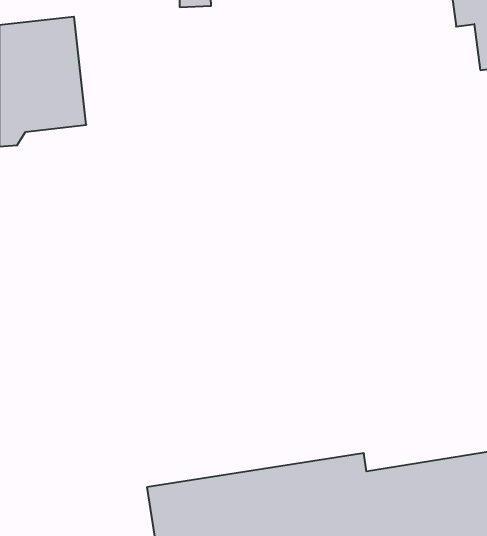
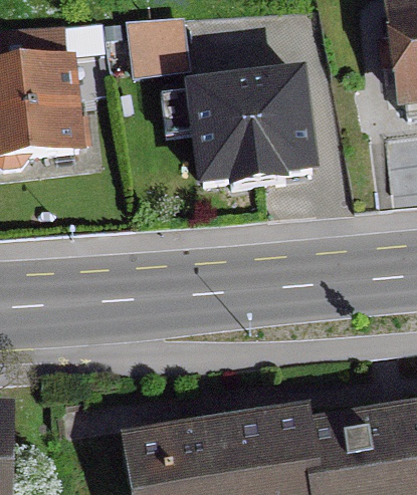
building: none -> [190,50,308,182]

